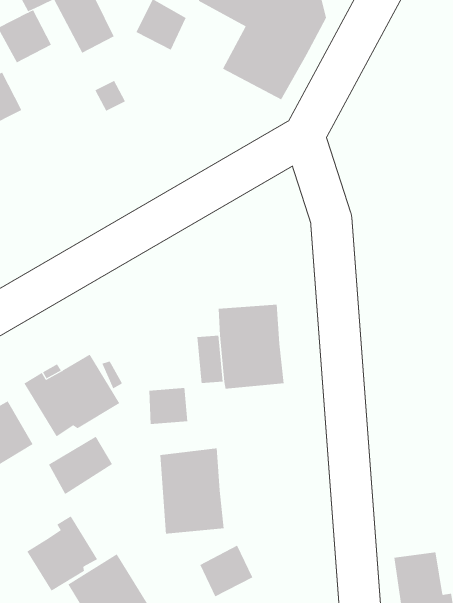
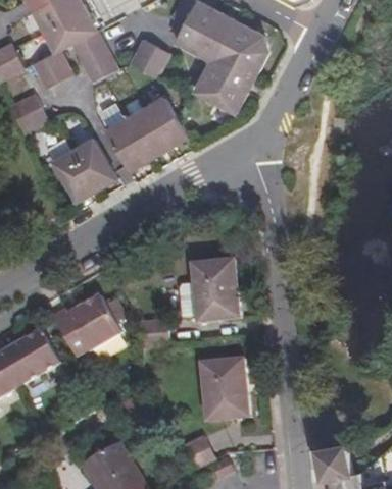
building: none -> [109,99,190,172]
building: none -> [56,139,118,201]
building: [48,436,113,495] -> none
building: [159,448,225,534] -> [203,357,250,419]
building: [27,515,98,592] -> none

